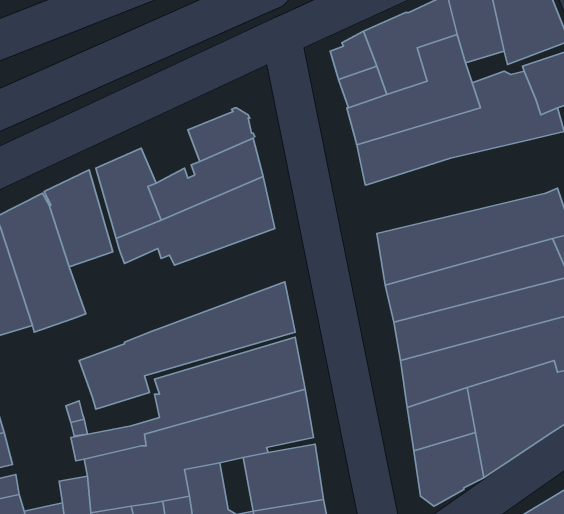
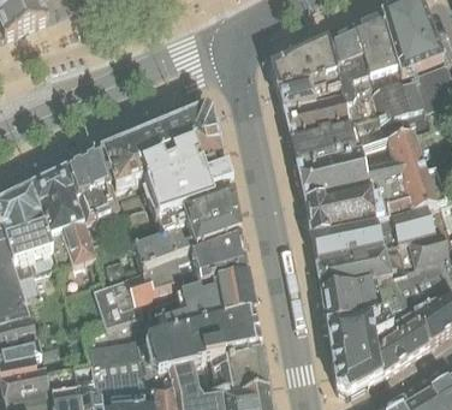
building: none -> [136,120,178,159]
building: none -> [298,127,427,195]
building: none -> [124,191,239,266]

